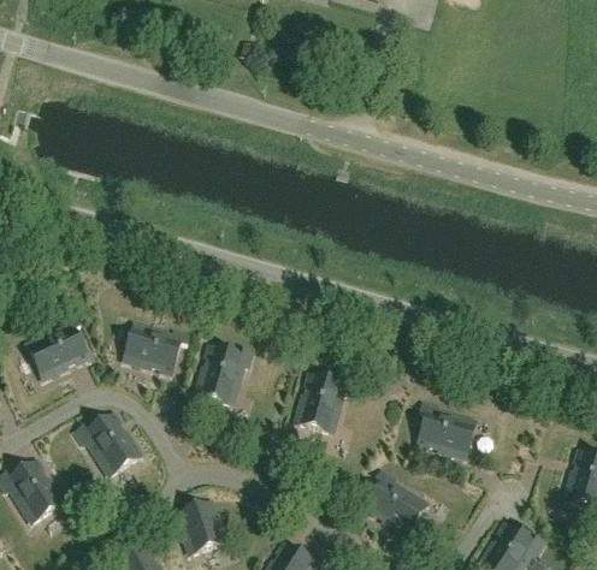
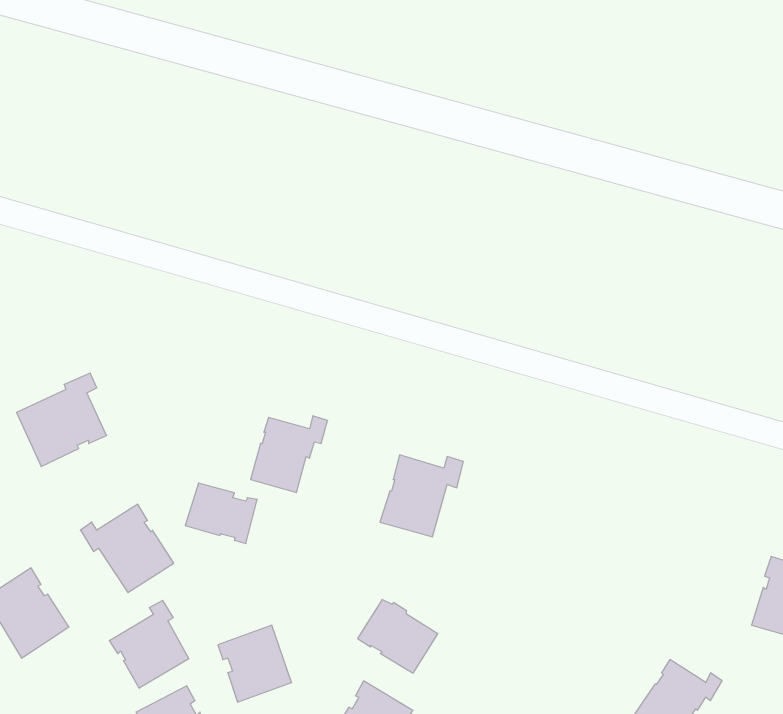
building: [126,327,179,372] -> [185,483,257,544]
building: [420,398,475,457] -> none
building: [367,480,426,534] -> [358,599,438,673]
building: none -> [109,600,189,688]

